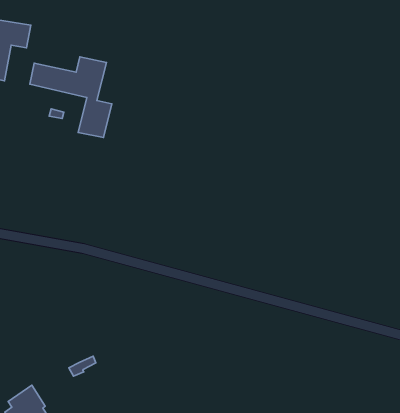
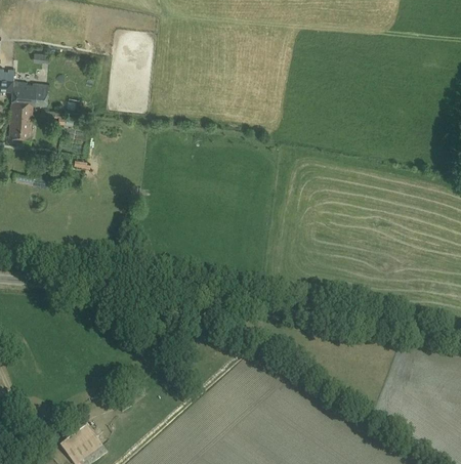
building: [30,57,112,138] -> none

